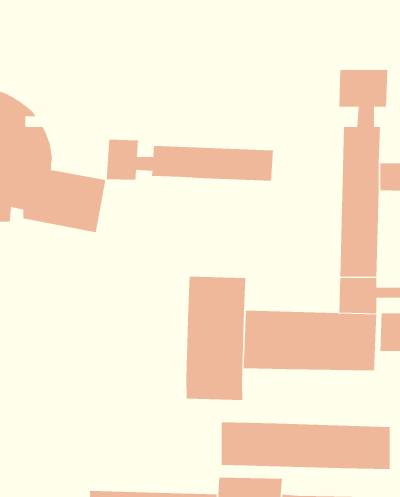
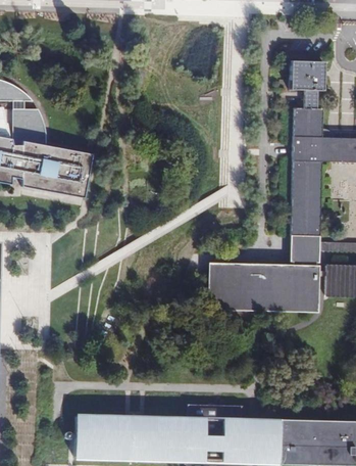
building: [106,139,274,181] -> none
building: [186,276,246,401] -> none
building: [221,421,390,470] -> none

